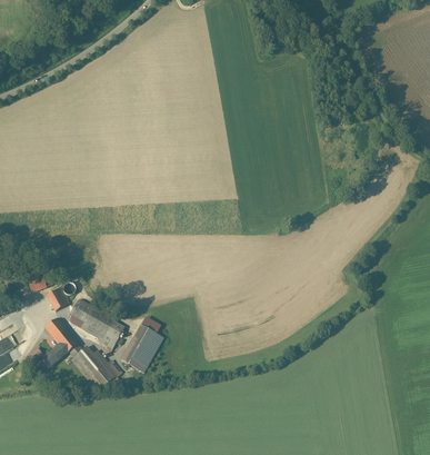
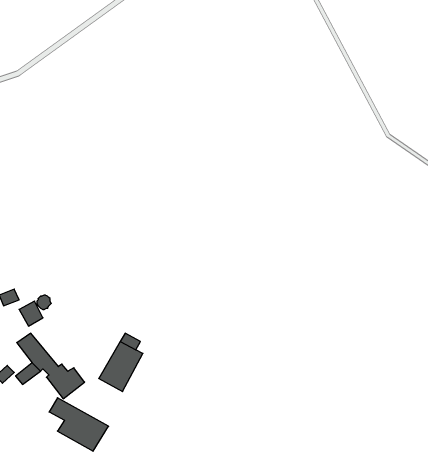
building: [70,300,126,350] -> [49,398,109,451]

